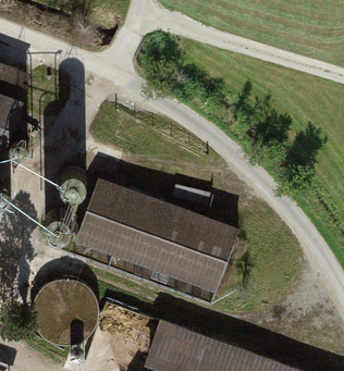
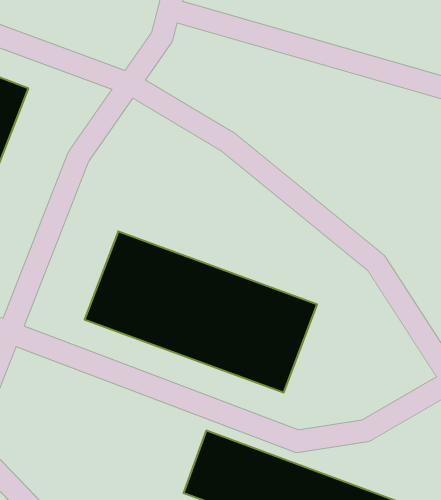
building: [28,277,99,348] -> none

